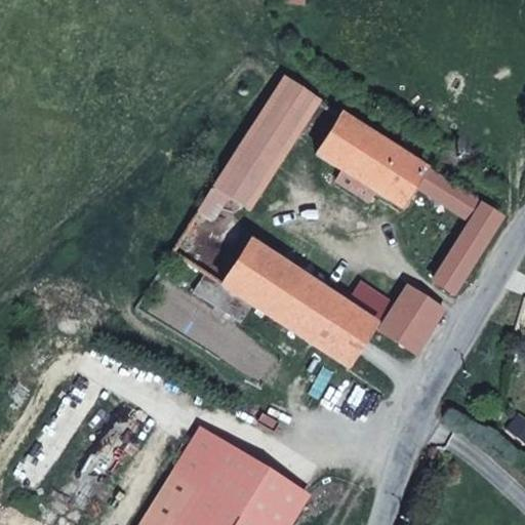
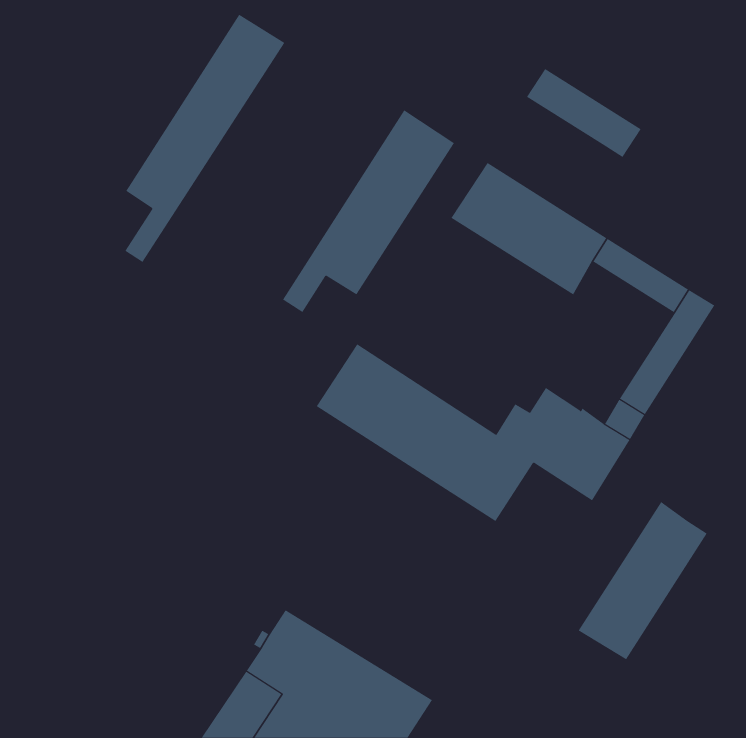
building: none -> [124,14,285,263]
building: none -> [526,68,641,158]
building: none -> [578,501,707,660]

